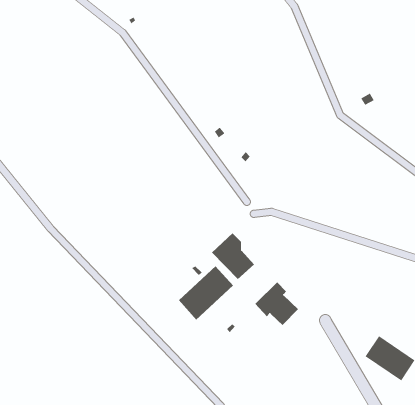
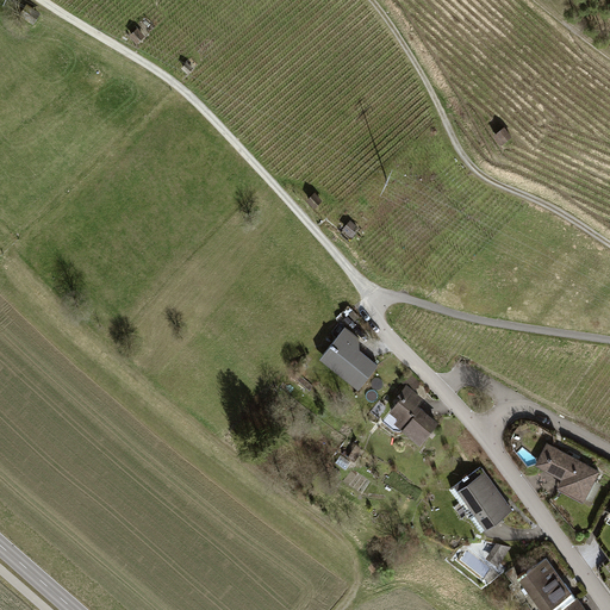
building: [178,265,234,320] -> none
building: none -> [453,469,511,531]

